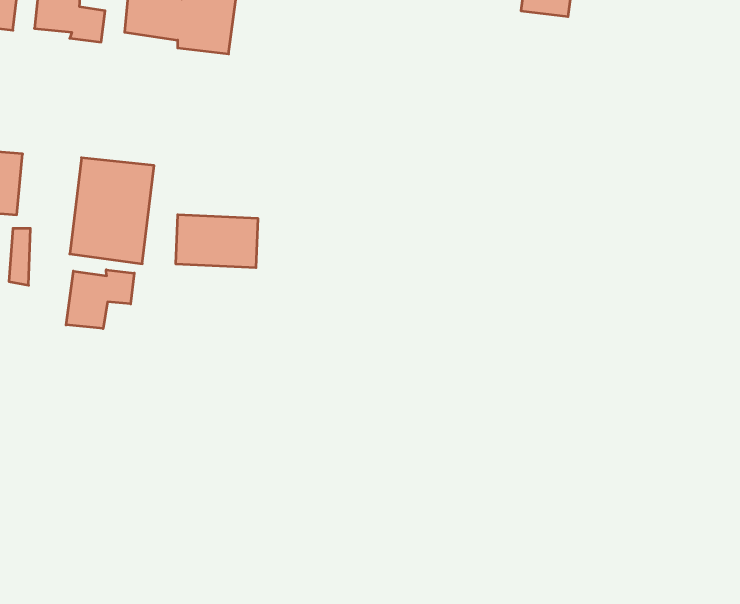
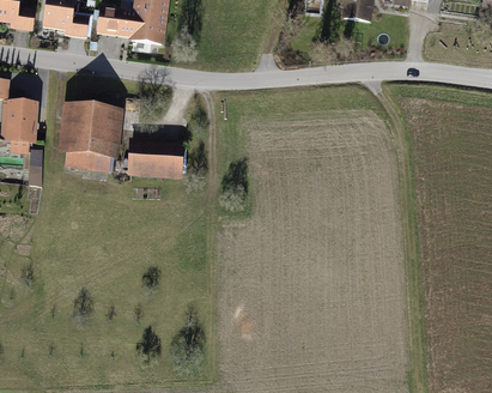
building: [66,270,134,329] -> none

